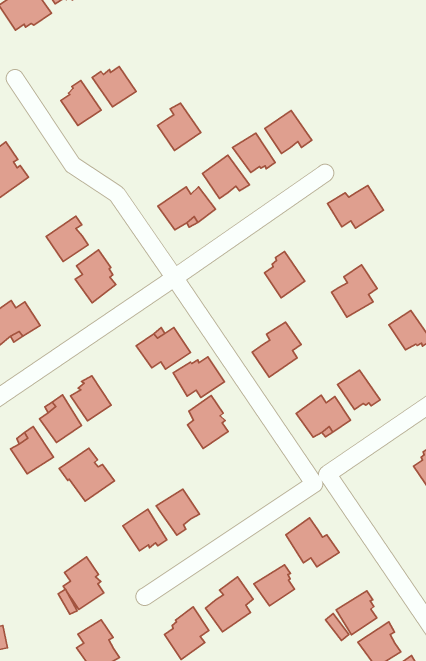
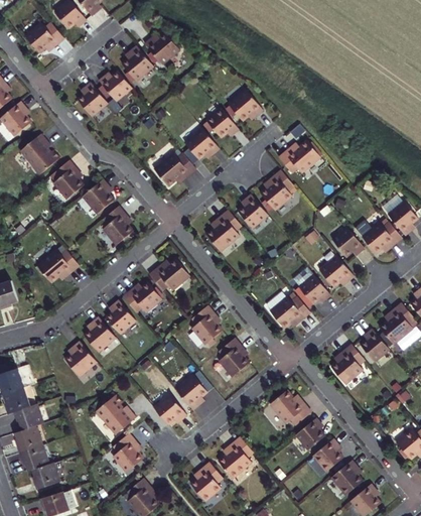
building: none -> [143,33,177,64]
building: [158,103,201,151] -> [120,46,152,82]
building: none -> [49,160,81,200]
building: [331,265,377,317] -> [260,169,293,209]
building: [252,322,301,377] -> [203,208,239,249]
building: none -> [318,256,354,288]
building: [173,357,225,397] -> [122,281,160,311]
building: none -> [218,338,248,377]
building: [59,448,115,501] -> [94,394,135,433]
building: none -> [331,343,365,383]
building: [254,565,295,606] -> [295,417,325,448]

